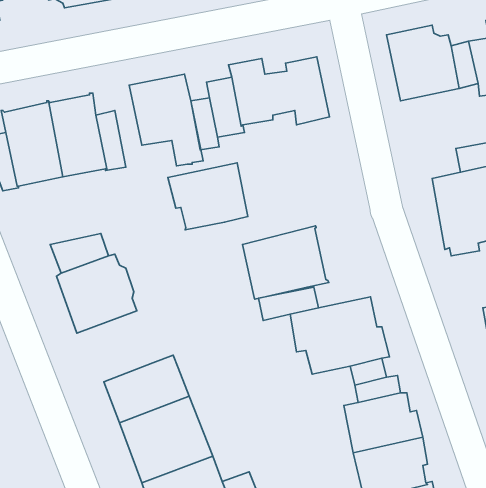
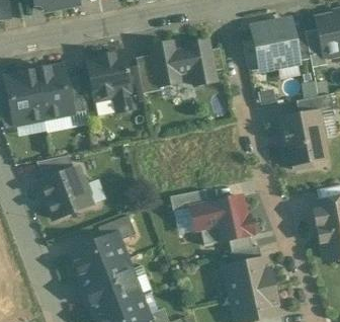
building: [168,163,248,230] -> none
building: [242,226,329,299] -> none
building: none -> [99,214,137,240]

